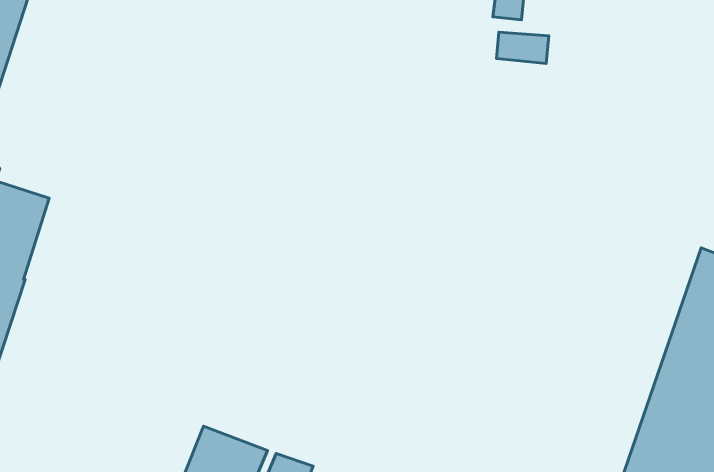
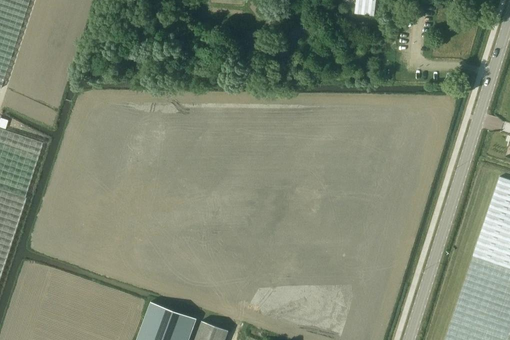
building: [497,32,549,64] -> none

